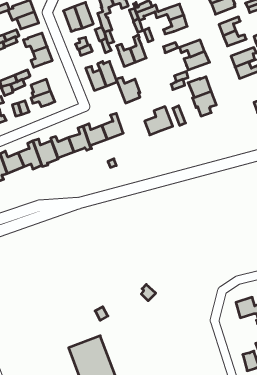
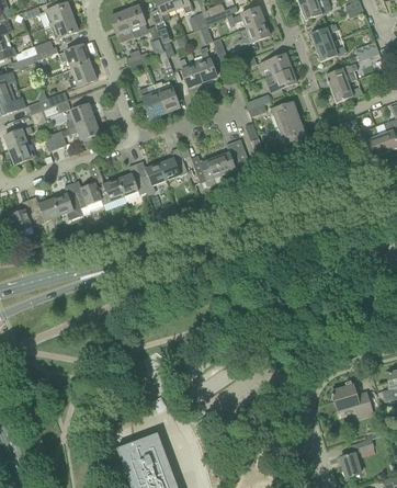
building: [116,77,140,103] -> [190,155,220,188]

